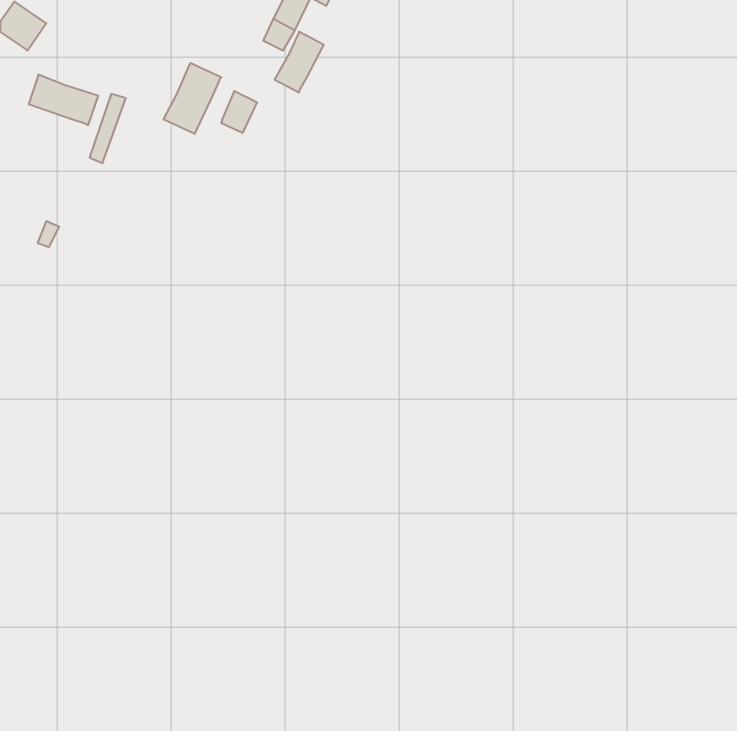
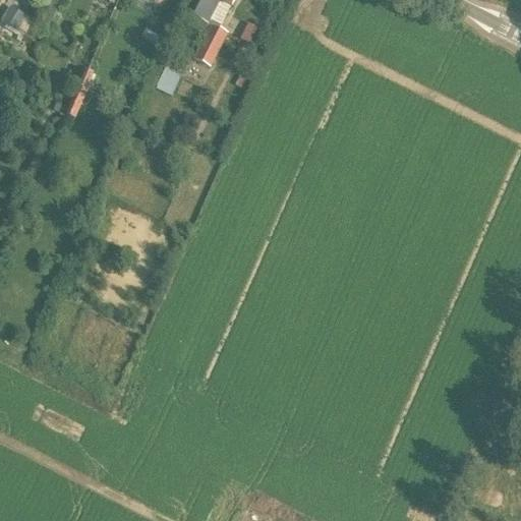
building: [164,63,222,134] -> none
building: [29,74,98,125] -> none

